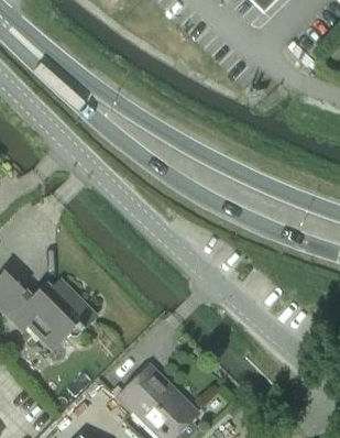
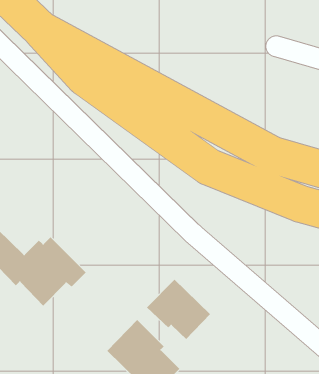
building: none -> [146,279,211,340]

